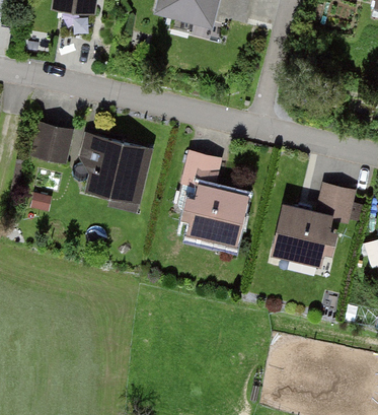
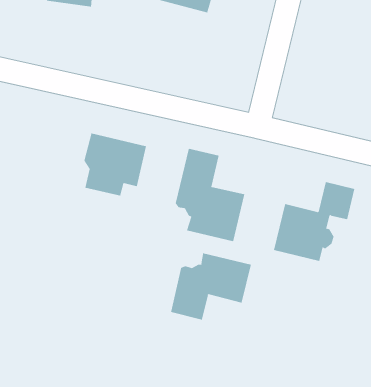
building: [32,124,70,162] -> none
building: none -> [170,252,251,320]

